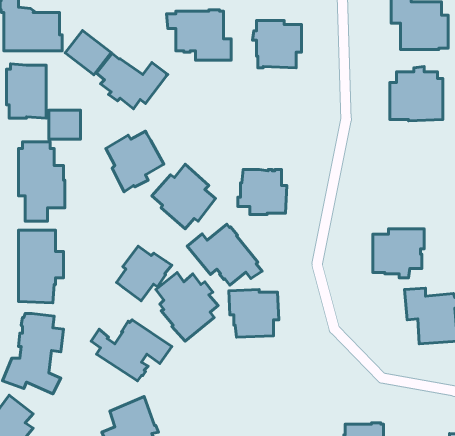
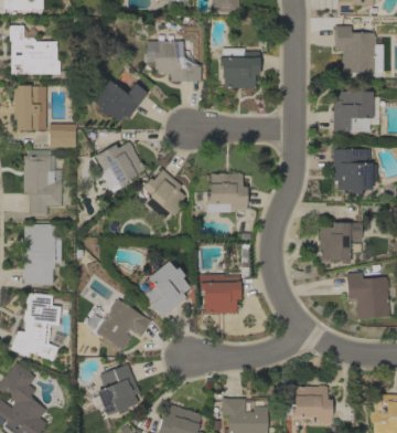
building: [65,30,111,75] -> none
building: none -> [333,149,376,193]
building: [187,224,262,285] -> none
building: [116,246,172,301] -> none

